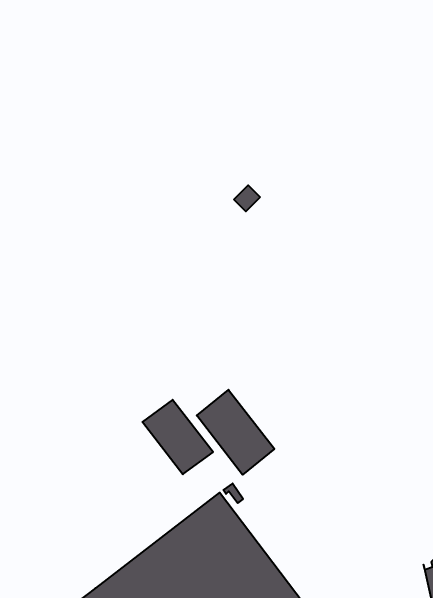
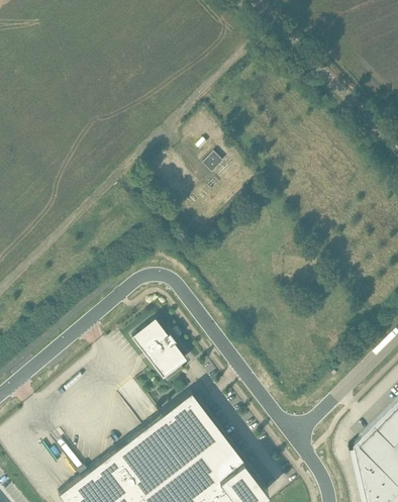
building: [197,390,274,475] -> none

